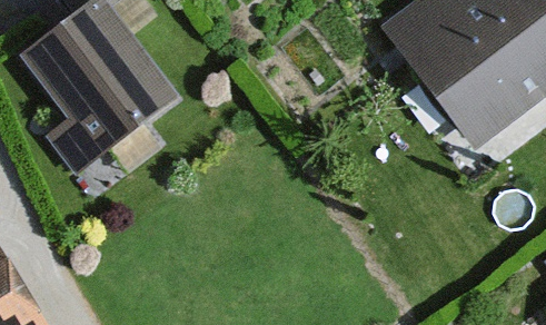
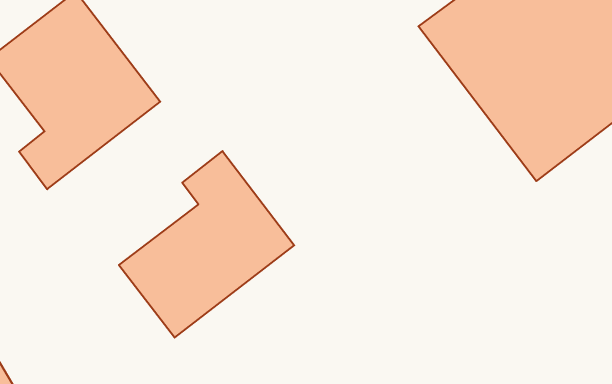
building: none -> [119,151,294,338]

